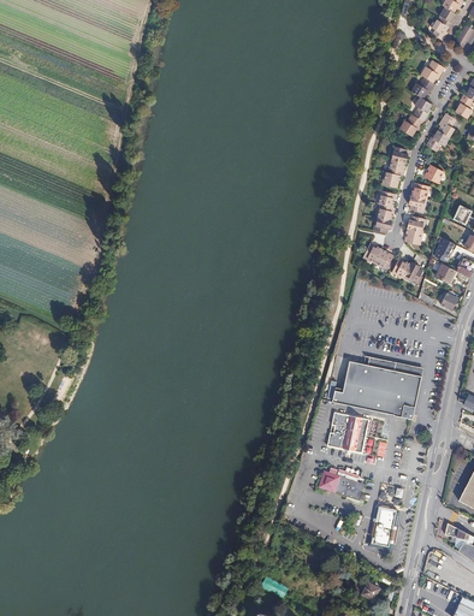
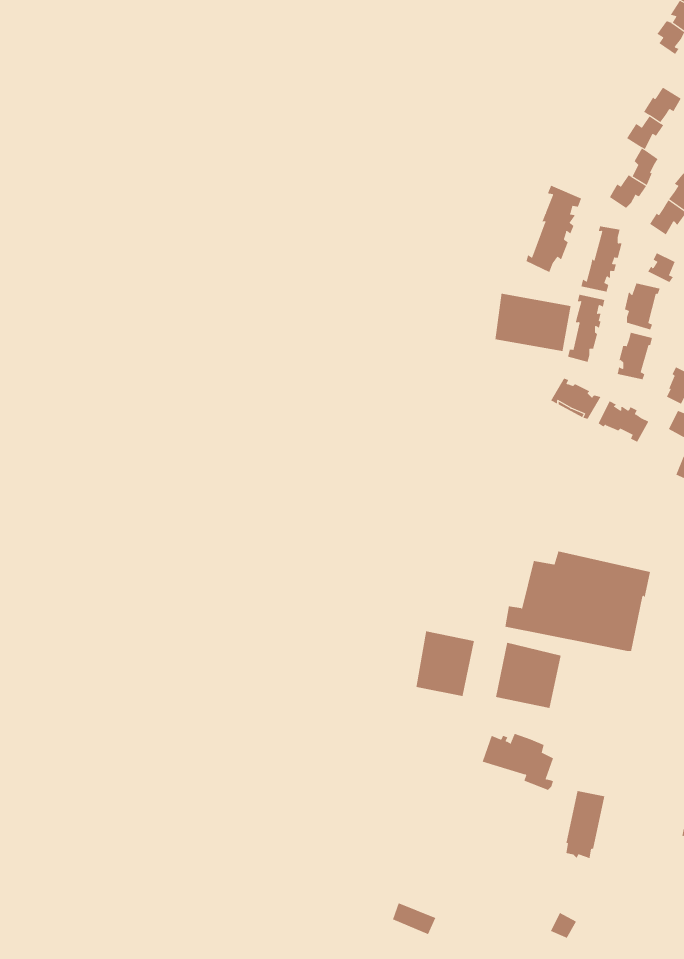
building: none -> [526,185,582,273]
building: none -> [495,293,571,352]
building: none -> [416,631,474,697]

